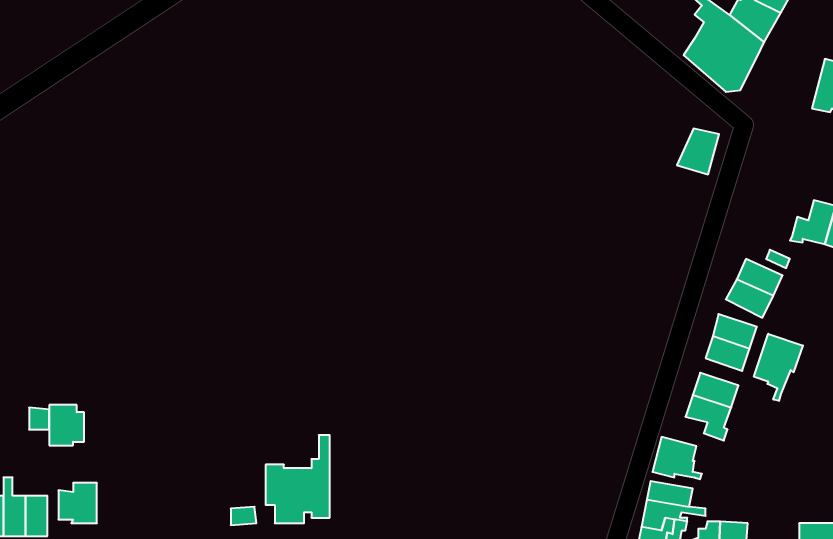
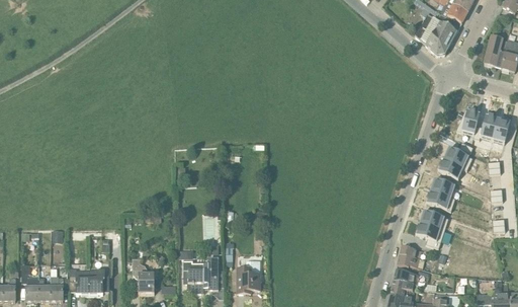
building: [677,129,719,174] -> [456,109,480,135]
building: [754,334,803,401] -> none
building: [49,405,84,445] -> [90,271,109,293]
building: none -> [133,258,155,293]
building: none -> [237,267,260,293]

